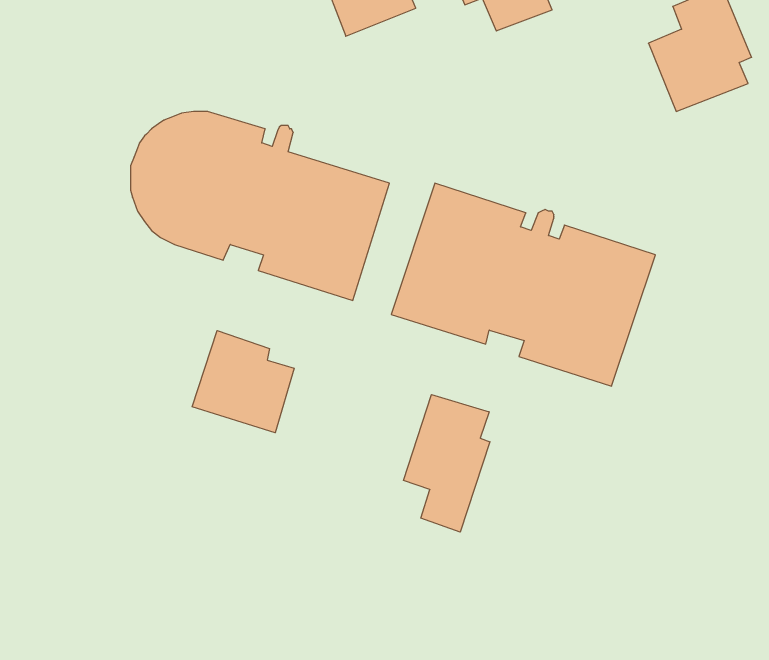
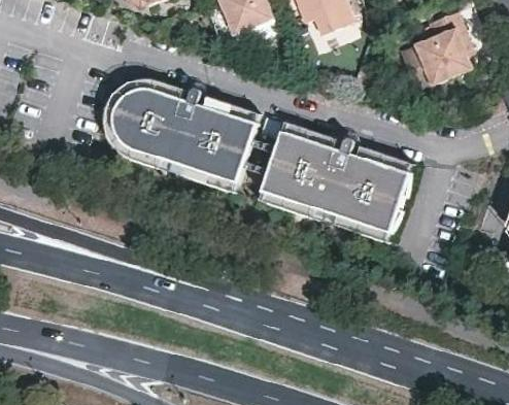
building: [192,331,294,433] -> none
building: [403,395,490,532] -> none

